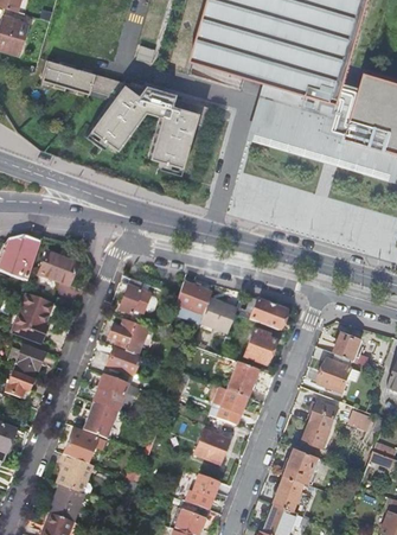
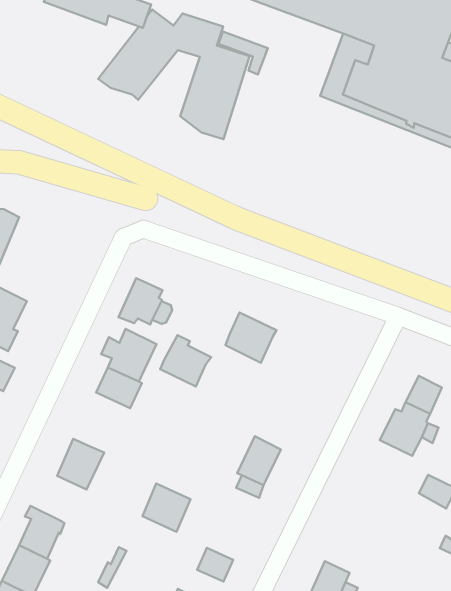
building: [38,250,77,285] -> none
building: [174,278,211,314] -> [160,335,211,387]
building: [233,299,286,330] -> none
building: [244,327,274,363] -> none
building: [226,361,257,396] -> none
building: [92,372,128,410] -> none
building: [303,401,339,448] -> none
building: [63,428,103,463] -> none
building: [194,428,229,463] -> [142,484,190,532]
building: [283,448,320,485] -> none

